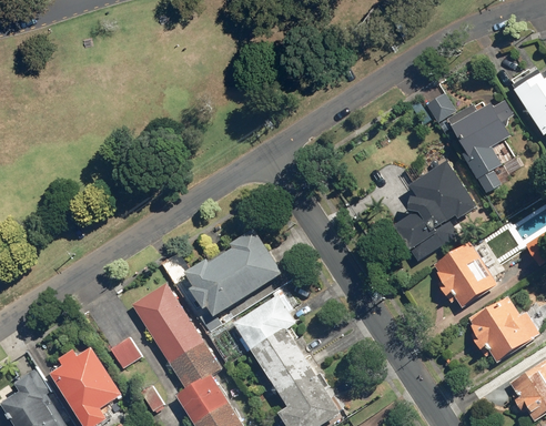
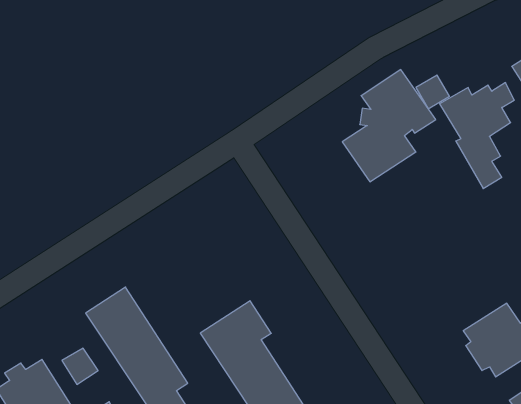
building: [393,162,476,262] -> [342,70,436,182]
building: [185,227,282,316] -> none
building: [429,241,495,307] -> none

